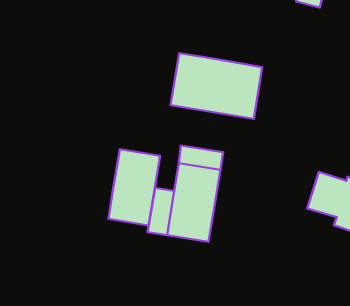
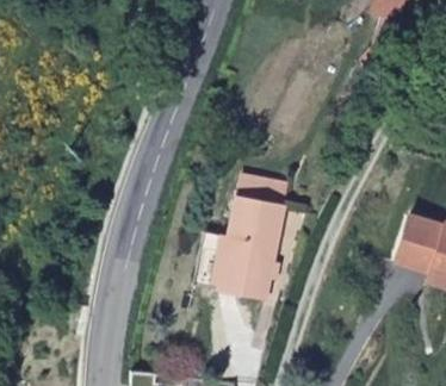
building: [170,53,262,119] -> none
building: [108,149,160,225] -> none

